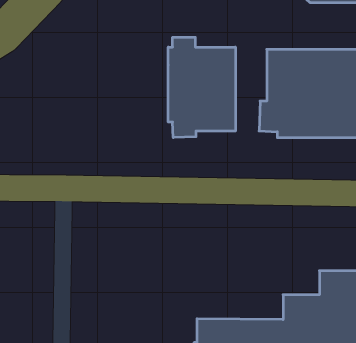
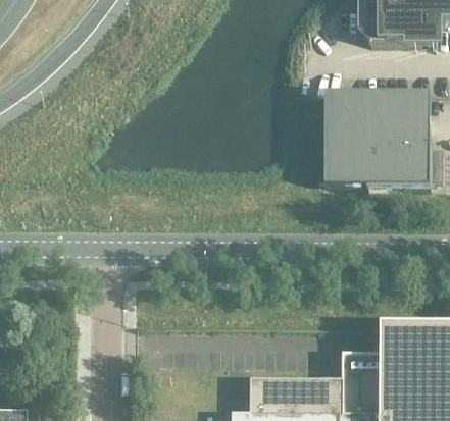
building: [168,37,235,138] -> none

